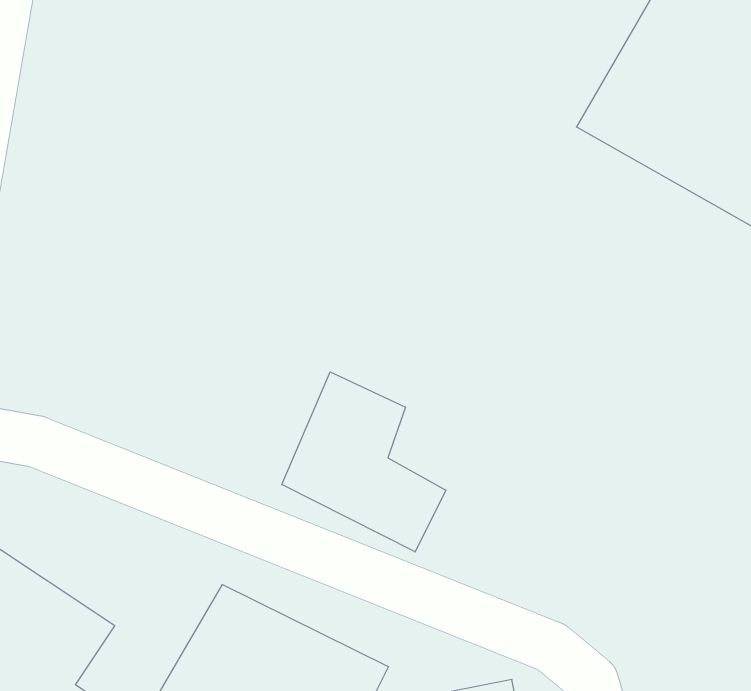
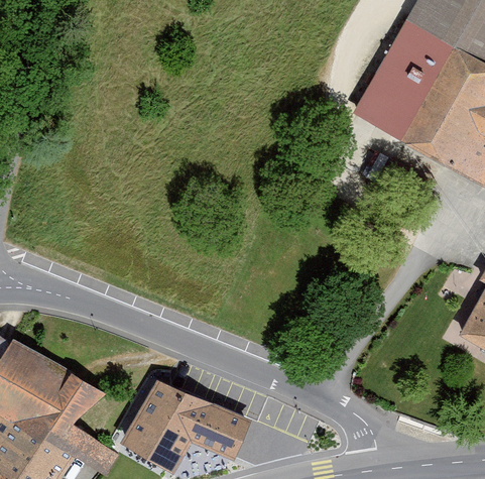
building: [282,372,446,552] -> none

